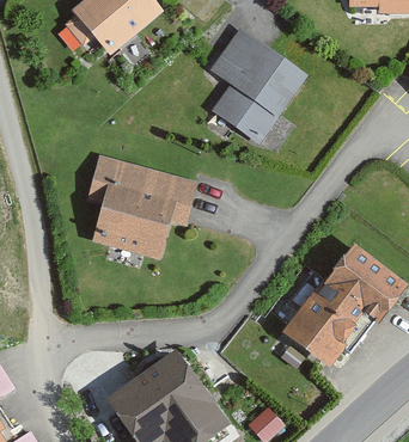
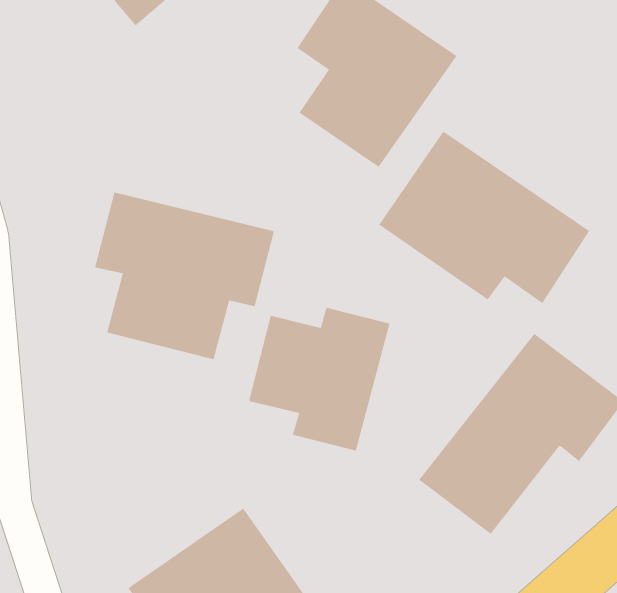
building: none -> [378,130,590,304]
building: none -> [248,307,390,451]

